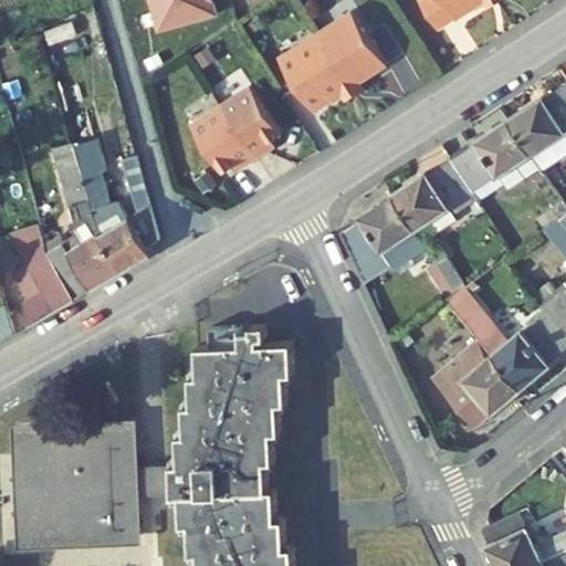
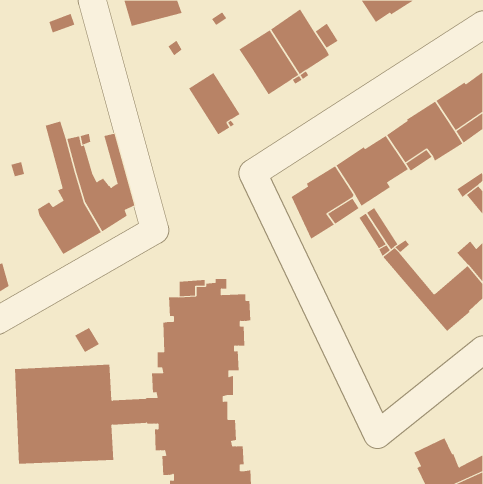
building: [189,105,253,172] -> none
building: [4,226,73,328] -> none
building: [430,338,520,428] -> none

